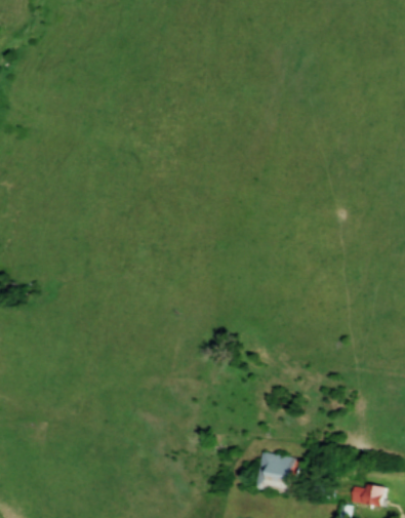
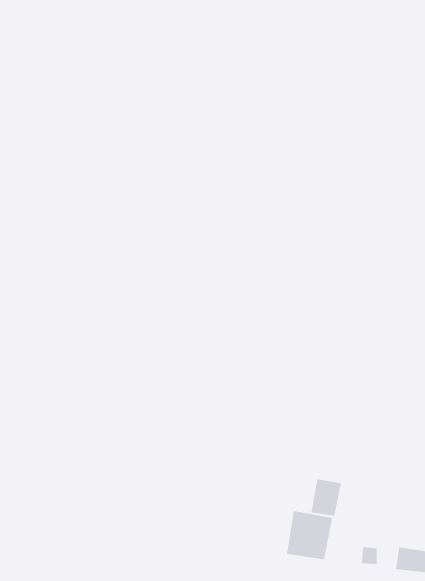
building: none -> [311,479,342,517]

